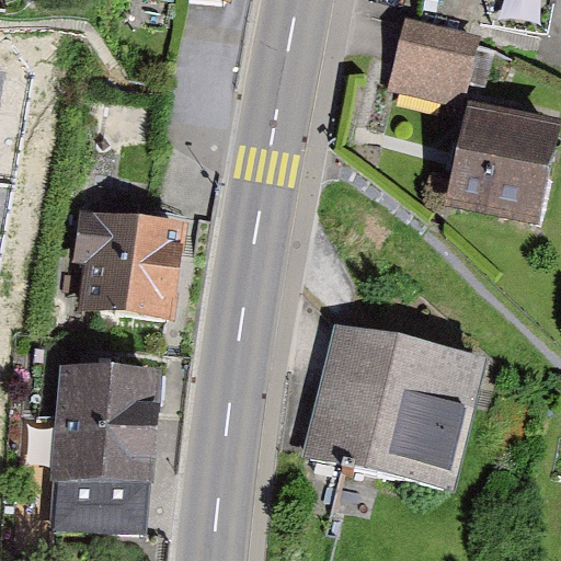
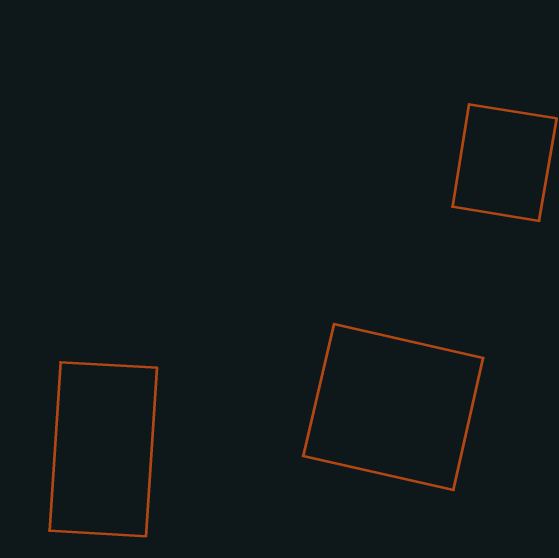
building: [393,19,471,96] -> none
building: [72,211,183,319] -> none

